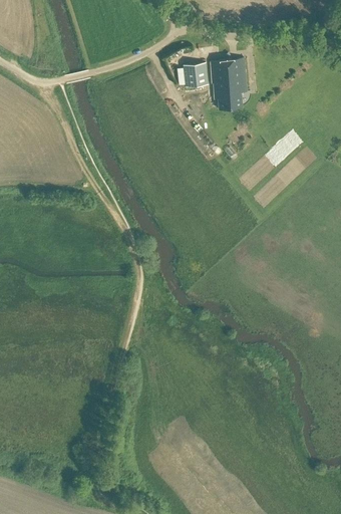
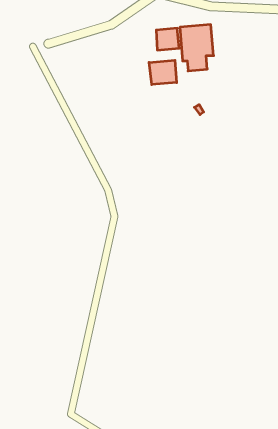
building: none -> [149,60,177,85]

